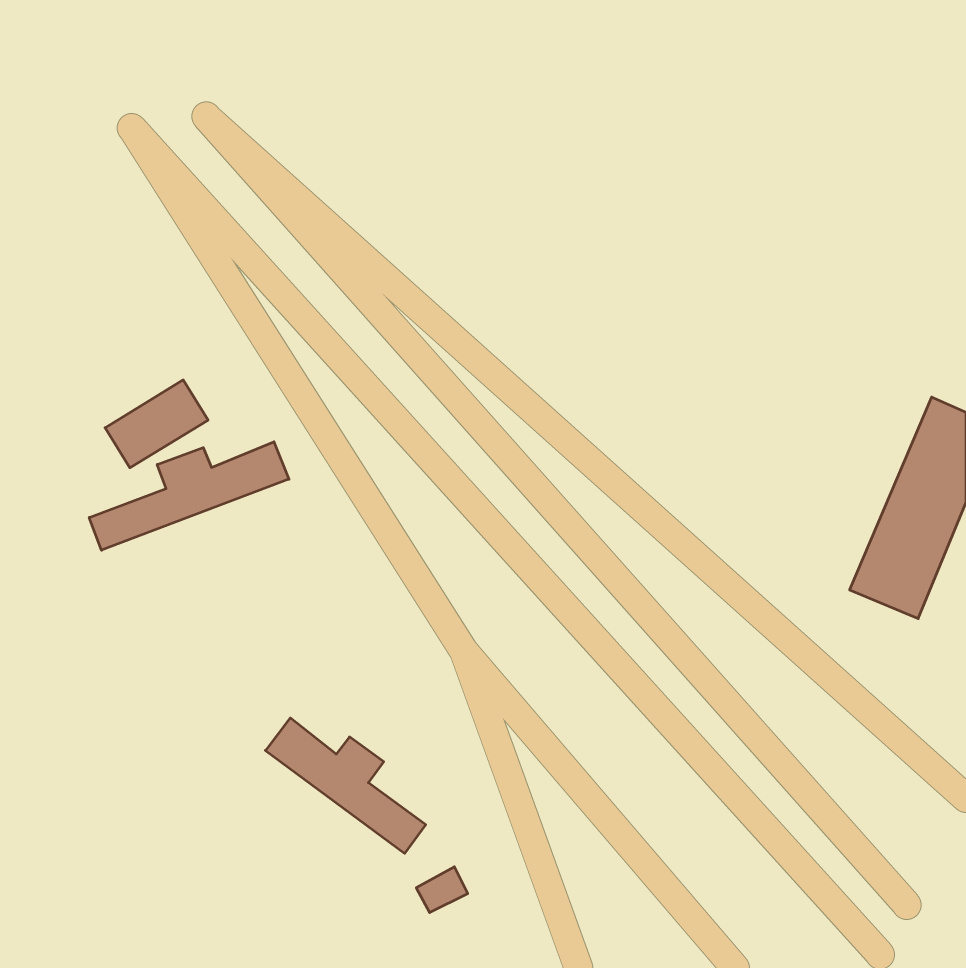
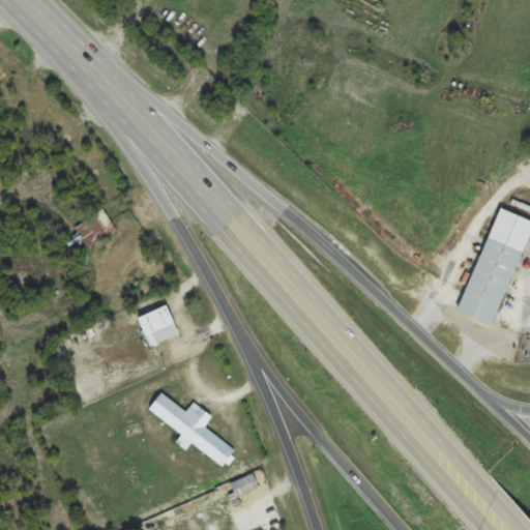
building: [89,442,289,550] -> none
building: none -> [135,302,175,343]

